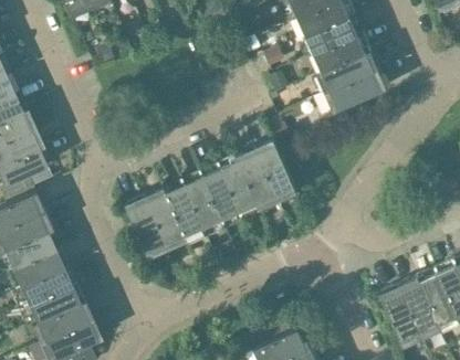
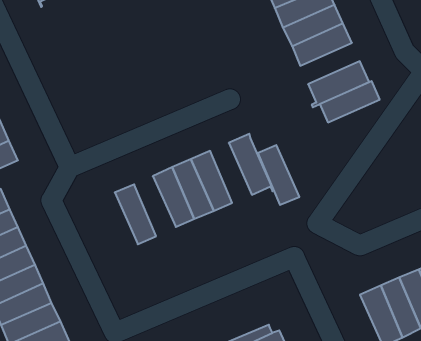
building: [322,54,379,94] -> [320,81,380,122]
building: [236,150,275,208] -> [258,145,299,205]
building: [163,182,202,240] -> none
building: [125,198,166,261] -> none

